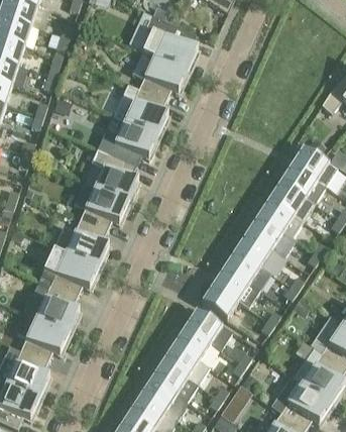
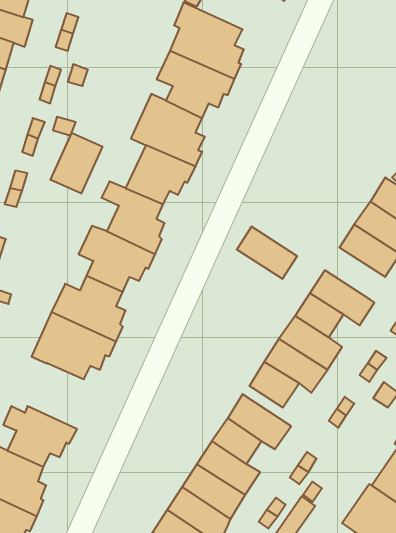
building: none -> [50,133,102,194]
building: [258,198,304,237] -> [237,227,297,279]
building: [24,285,80,334] -> none

